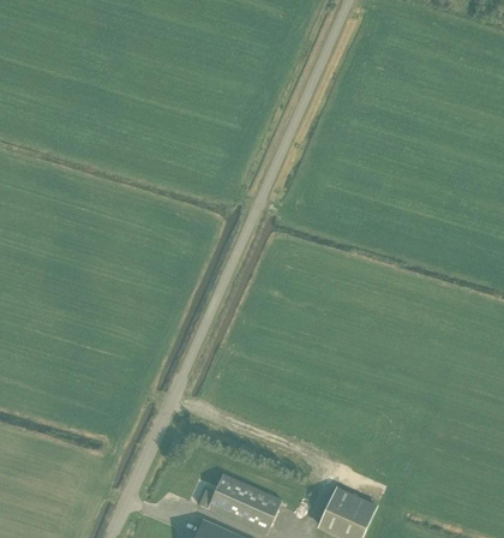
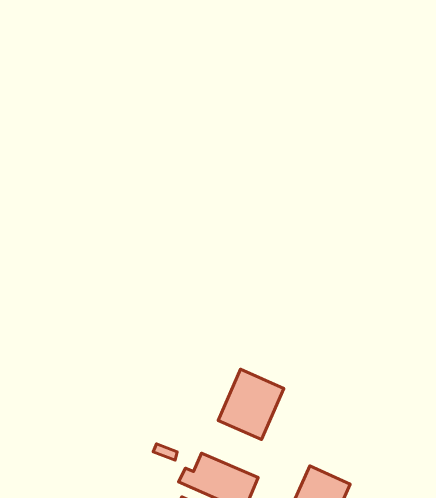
building: none -> [218,369,284,440]

